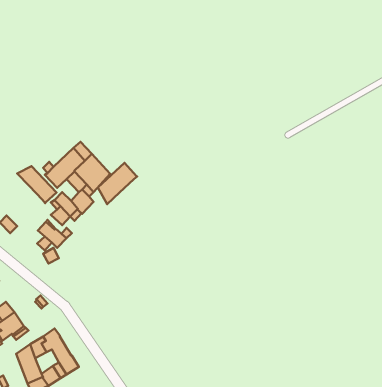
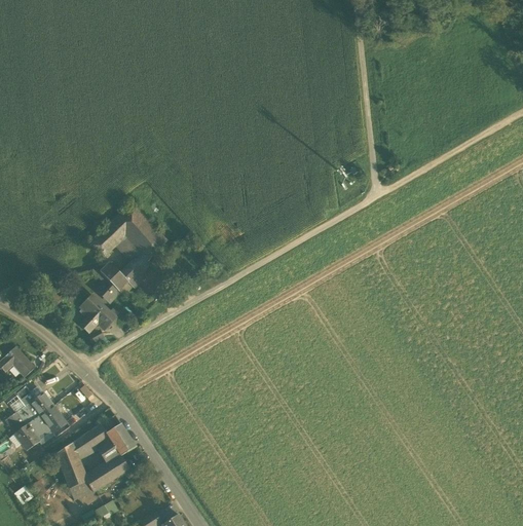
building: [98,163,137,204] -> none
building: [17,166,57,203] -> none
building: none -> [107,423,136,455]

